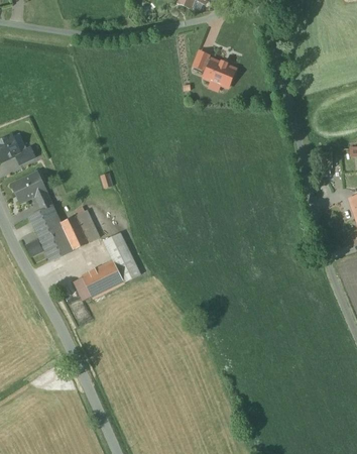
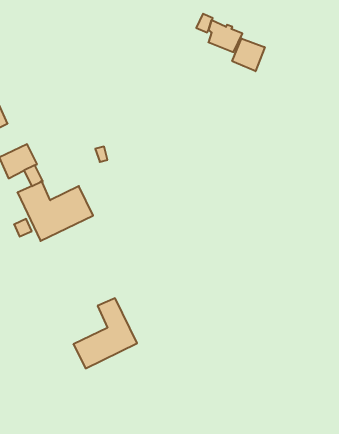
building: none -> [232,38,265,71]
building: [82,232,140,297] -> [73,298,137,368]

